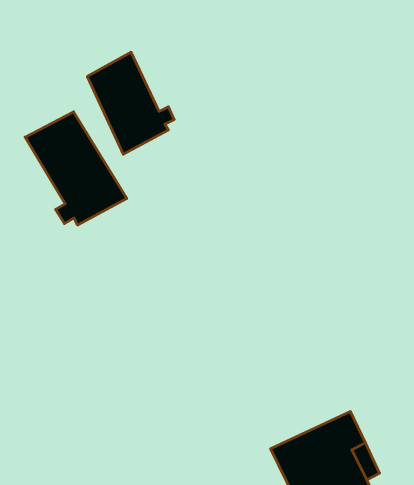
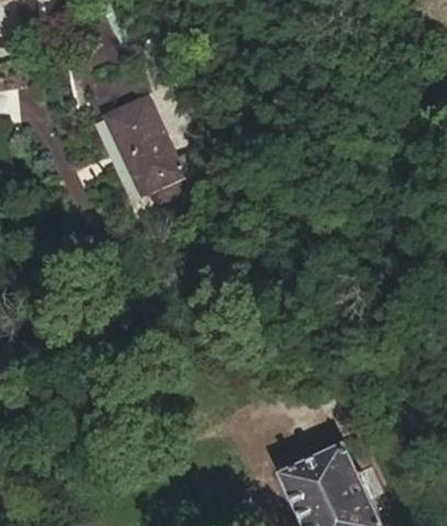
building: [25,112,127,225] -> none

